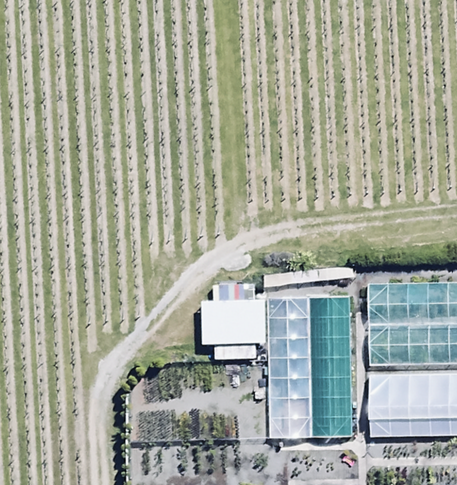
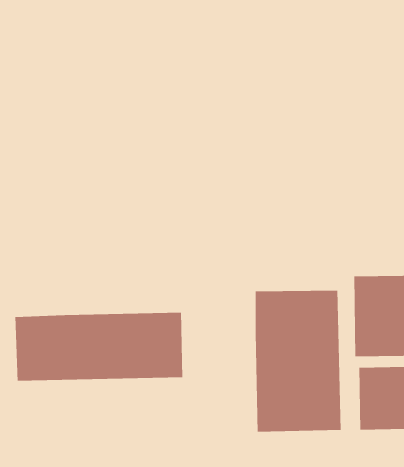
building: [202,283,267,358] -> none
building: none -> [14,312,183,382]

